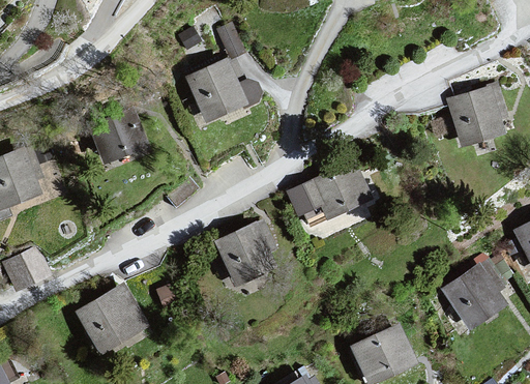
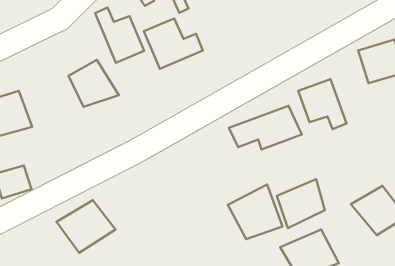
building: none -> [95,8,144,63]
building: none -> [298,79,347,129]
building: [215,220,283,288] -> [228,185,282,239]
building: none -> [277,179,325,228]

